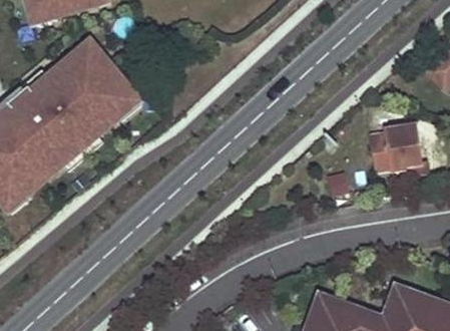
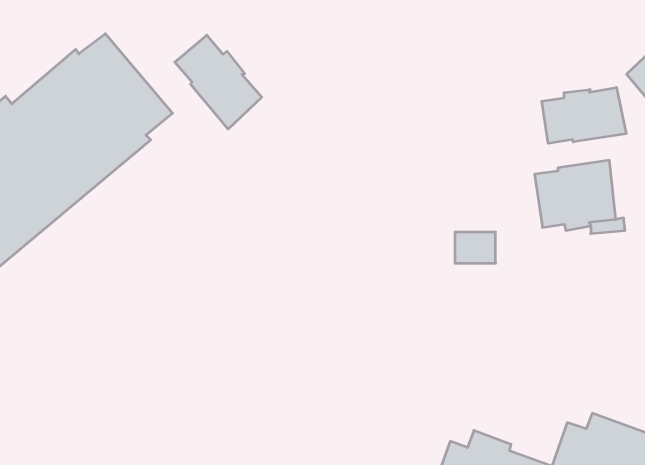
building: none -> [175,35,262,129]
building: none -> [542,87,626,143]

